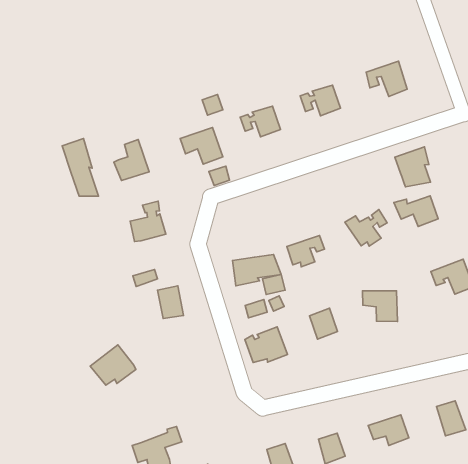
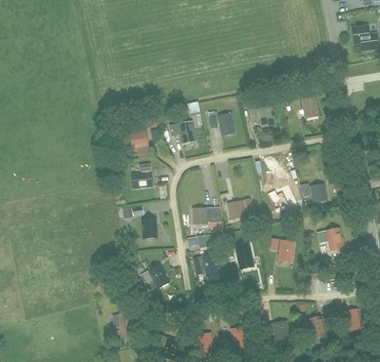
building: [62,139,99,196] -> none
building: [395,147,431,187] -> none
building: [90,345,136,385] -> [139,264,168,288]

